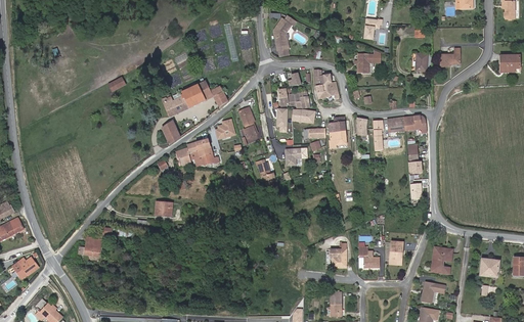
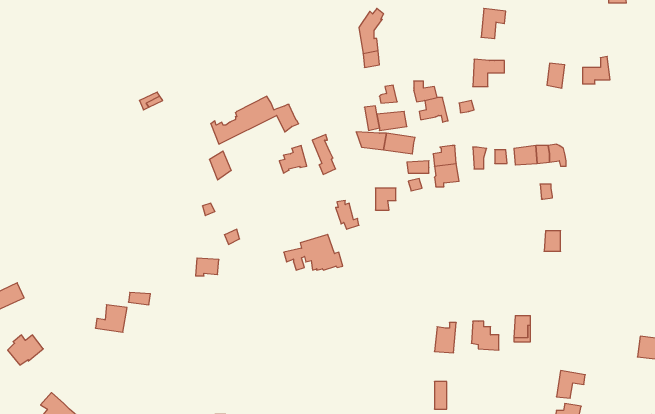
building: [173,137,217,164] -> [284,234,343,270]
building: [428,246,451,274] -> none

